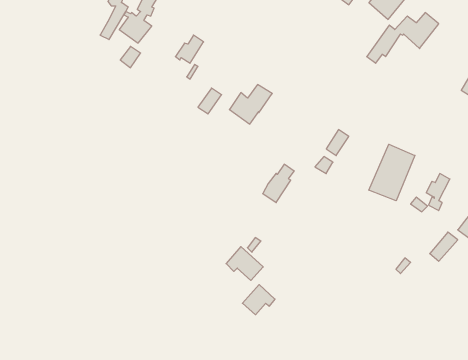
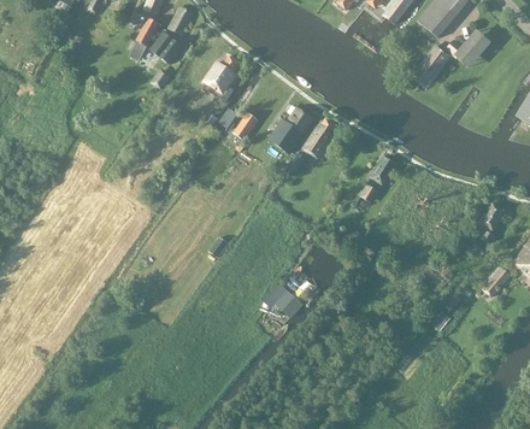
building: [369,144,415,201] -> none
building: [263,164,294,203] -> [304,118,337,159]
building: [242,285,275,315] -> none

